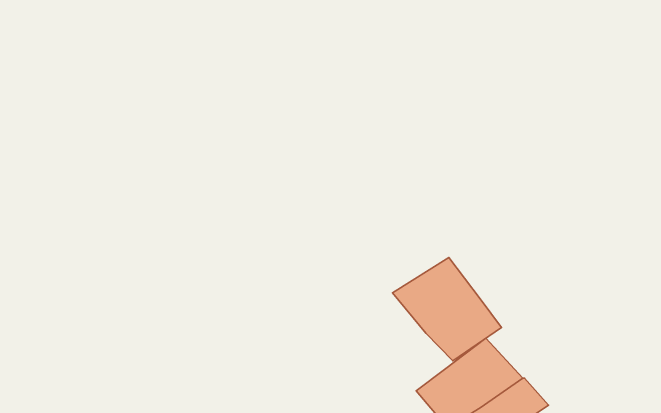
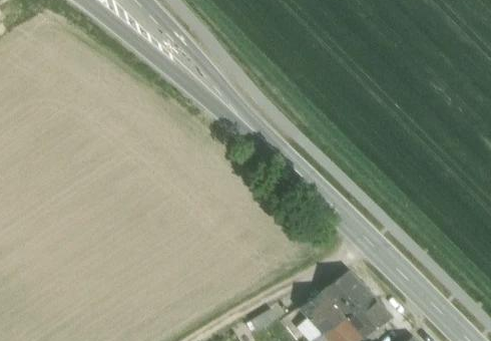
building: [393,257,502,361] -> none

